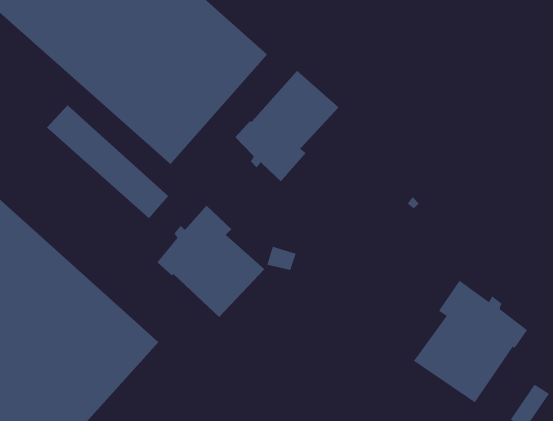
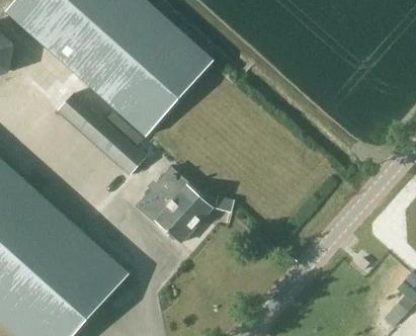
building: [235,70,339,182] -> none
building: [413,280,528,403] -> none

